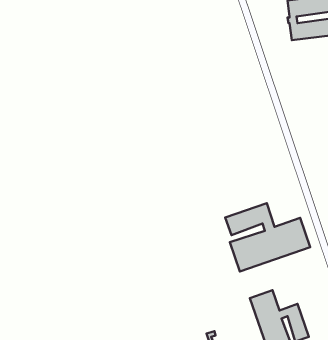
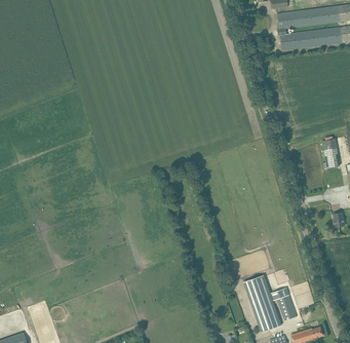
building: [225,203,310,271] -> none

